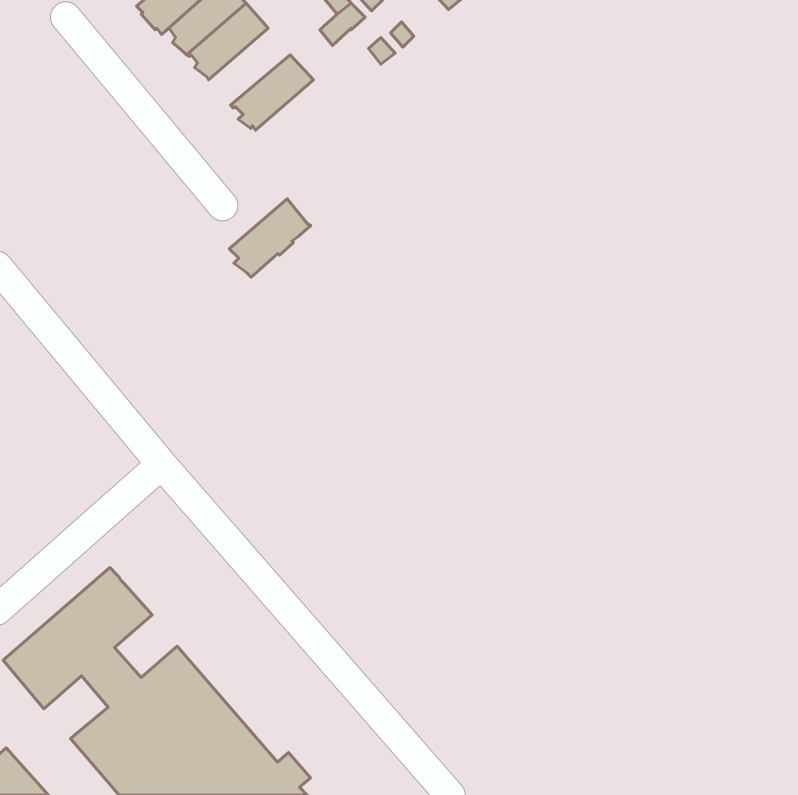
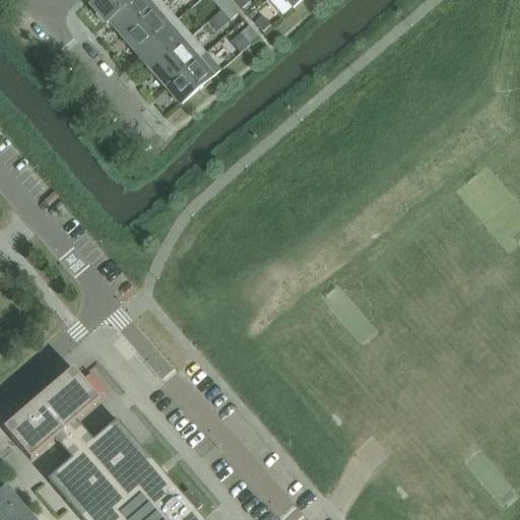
building: none -> [135,18,188,68]
building: [229,199,311,277] -> [166,52,218,103]

